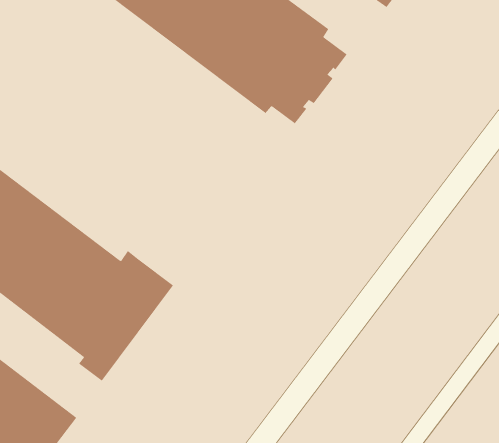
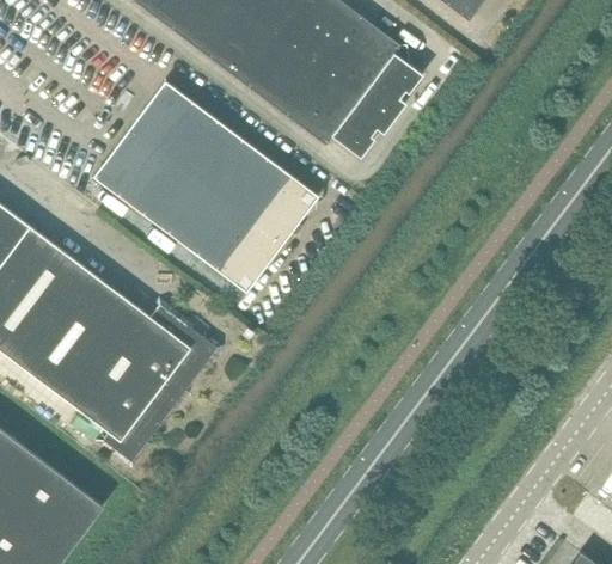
building: none -> [92,80,317,290]

